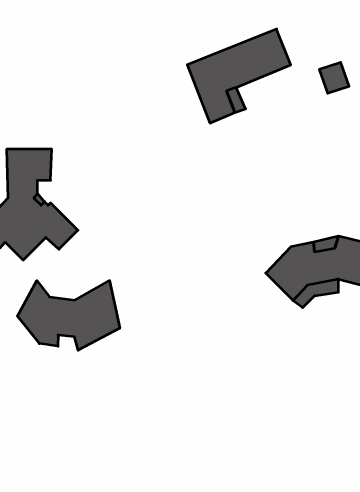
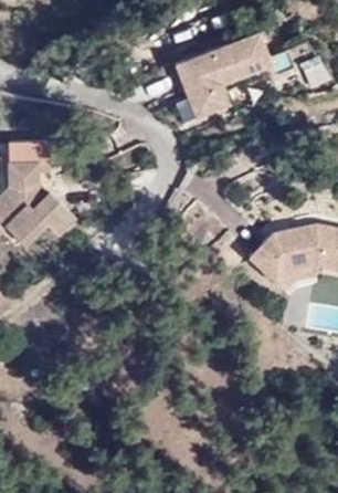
building: [17,281,120,350] -> none

